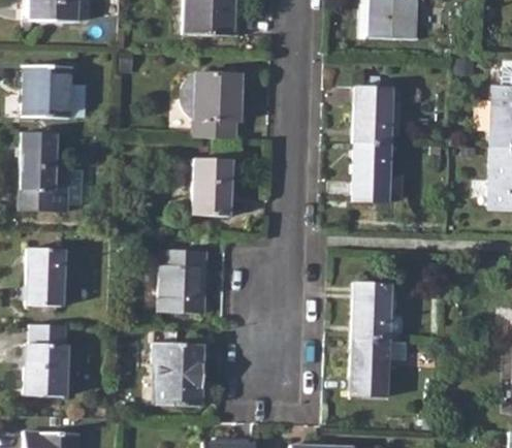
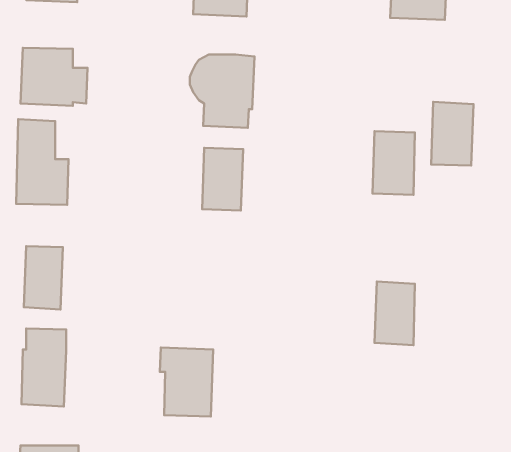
building: [352,85,391,143] -> [431,102,473,165]
building: [160,250,206,314] -> none
building: [350,339,408,398] -> none

